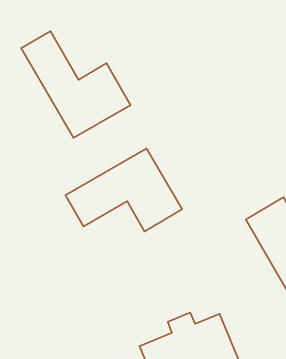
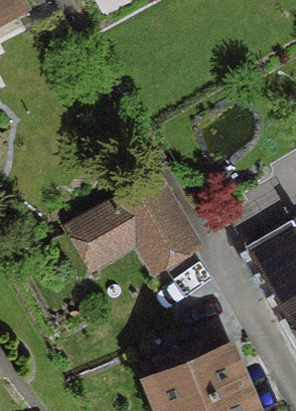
building: [21,31,130,138] -> none

